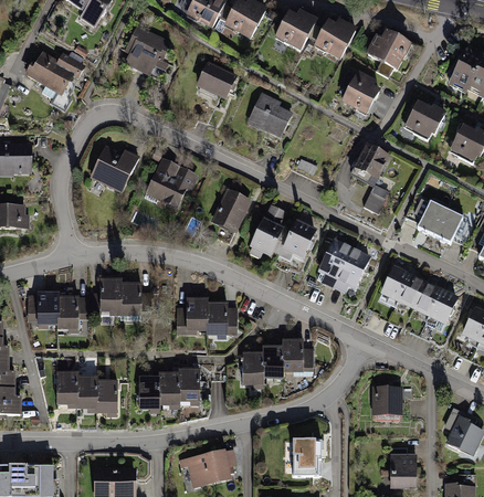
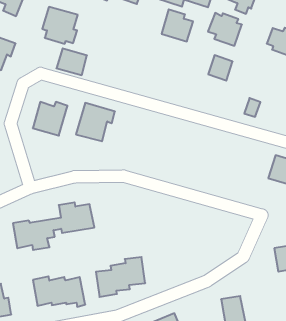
building: [194,62,236,101] -> [56,48,87,75]
building: [248,91,291,136] -> [162,9,193,41]
building: [355,144,389,179] -> [208,55,233,81]
building: [210,188,251,232] -> none
building: [249,202,317,258] -> none
building: [318,237,371,293] -> none
building: [176,296,235,337] -> none
building: [241,338,303,384] -> none

